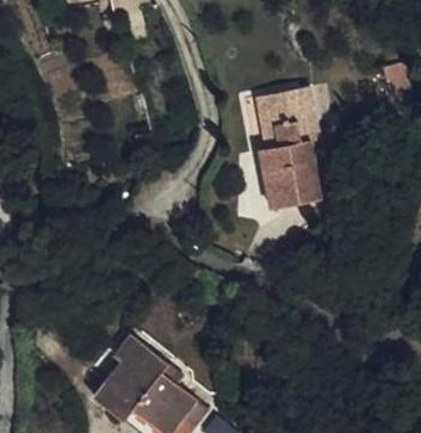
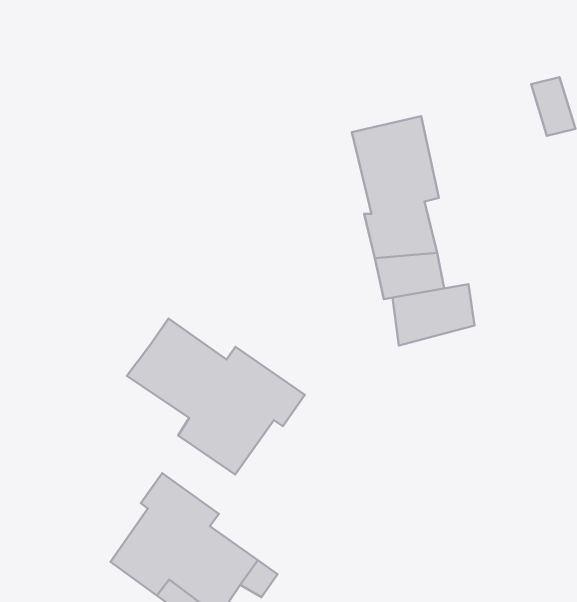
building: none -> [392,284,475,346]
building: none -> [127,319,305,475]

